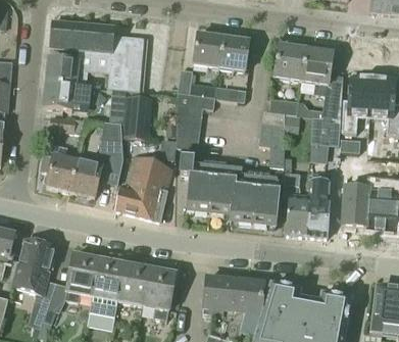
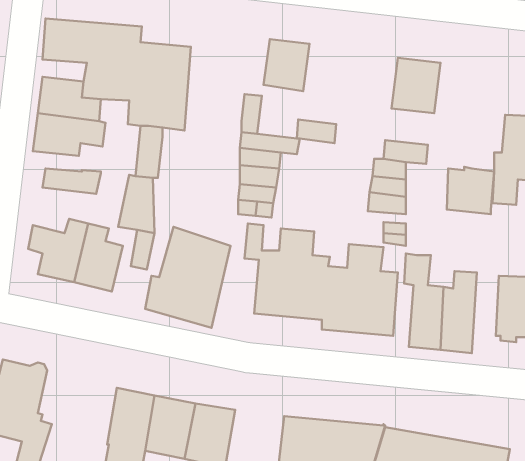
building: [218,36,249,69] -> none
building: [303,48,344,118] -> none
building: [123,96,151,139] -> none
building: [64,253,98,300] -> none

